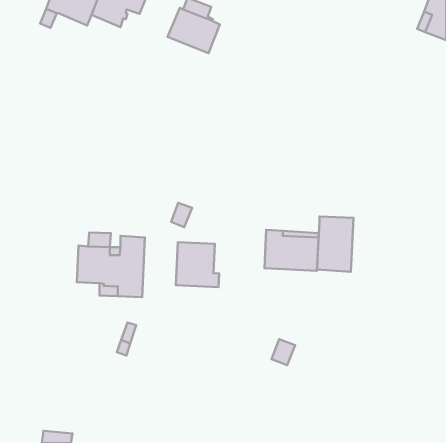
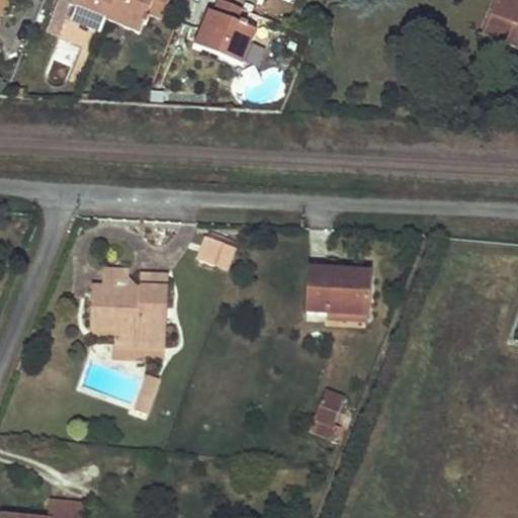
building: [317,217,353,272] -> none
building: [176,242,219,287] -> none

